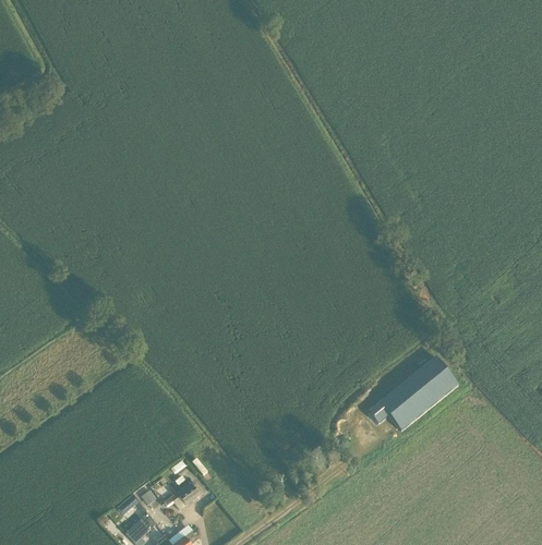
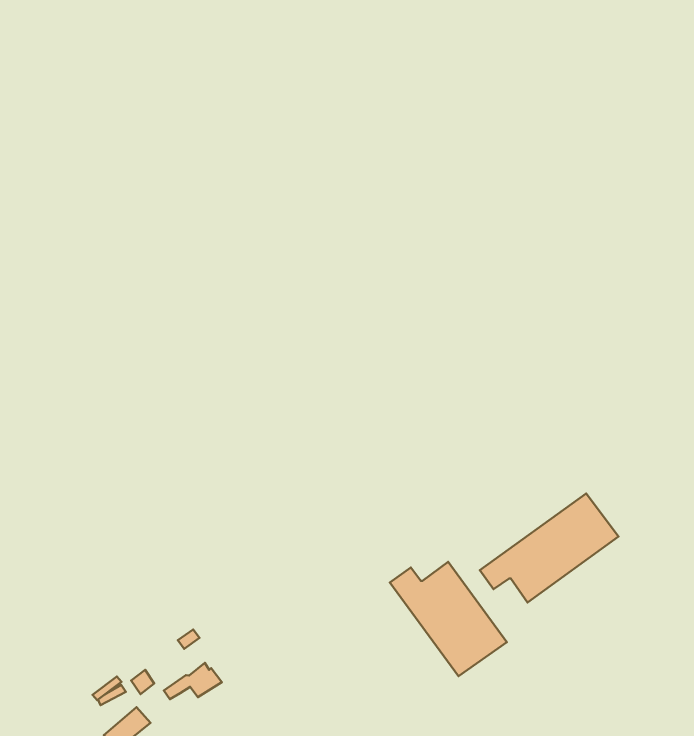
building: none -> [390,562,507,676]

